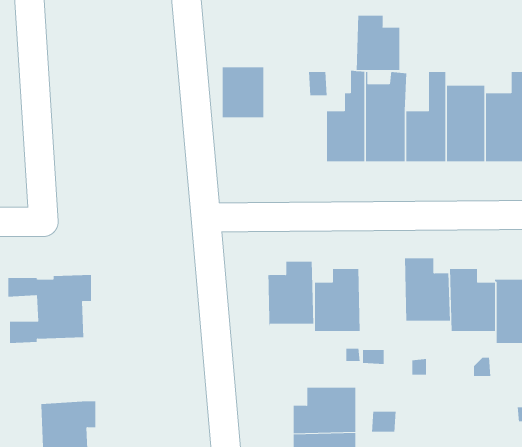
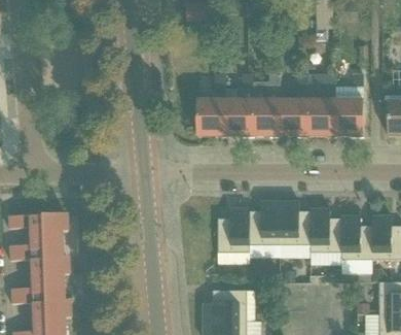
building: [356,15,400,71] -> none
building: [222,67,264,118] -> [197,100,226,135]
building: [267,261,314,335] -> [249,201,281,252]
building: none -> [10,256,68,303]

